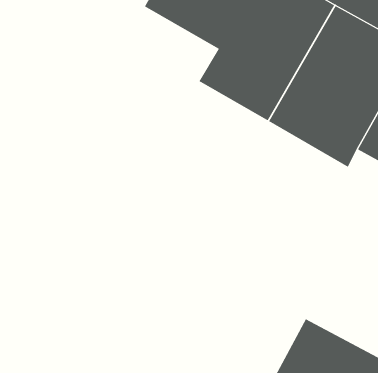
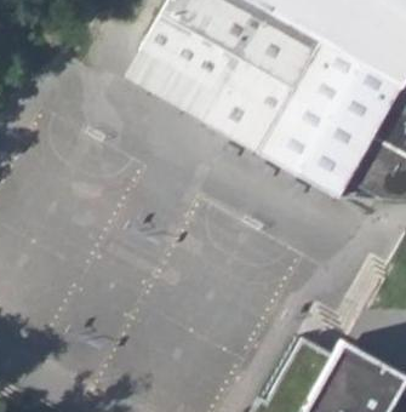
building: none -> [126,45,215,115]

